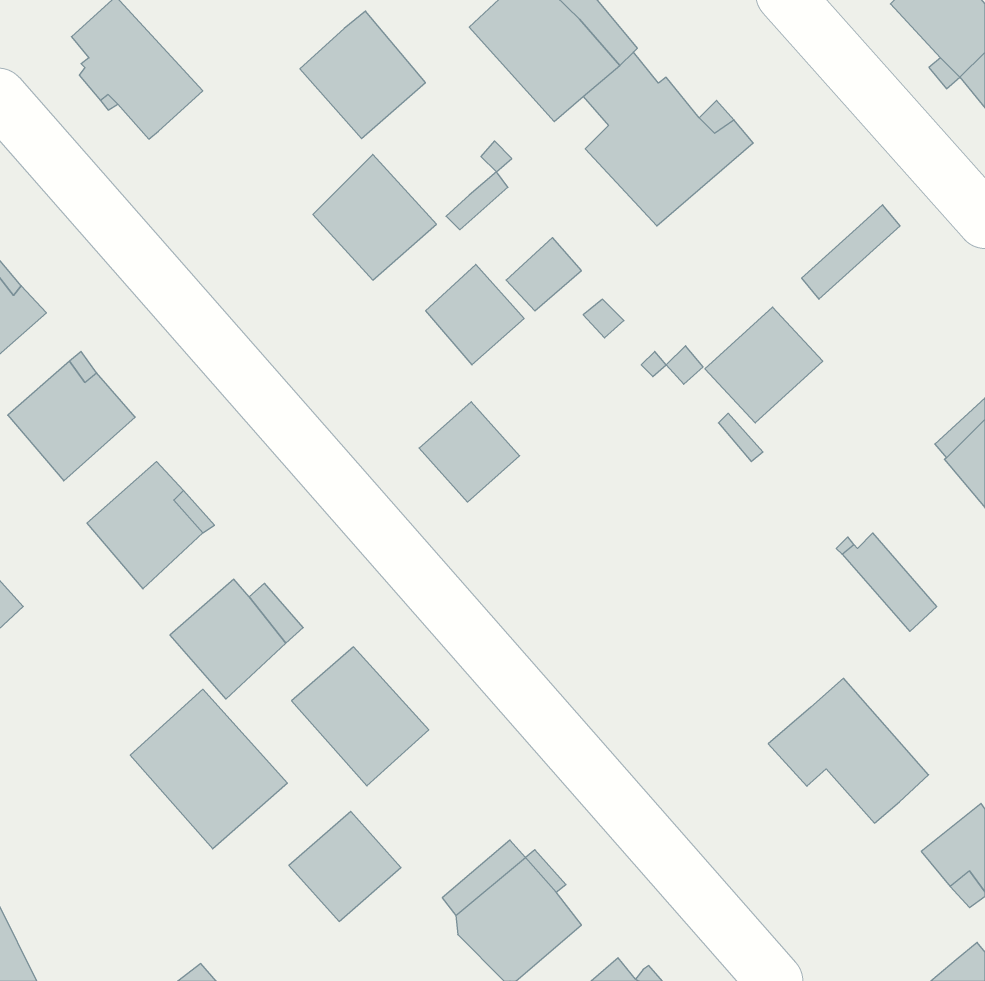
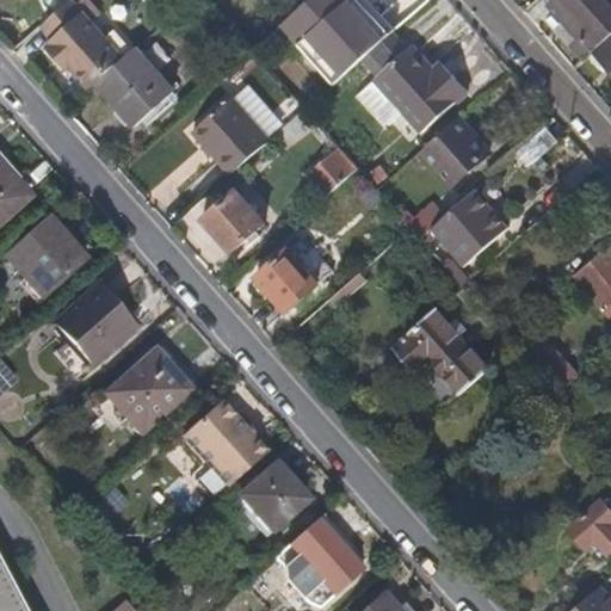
building: [300,11,425,139] -> [98,45,175,124]
building: none -> [420,121,489,186]
building: [426,264,524,365] -> [206,189,267,251]
building: [768,678,929,823] -> [393,308,492,397]
building: [130,689,287,849] -> none
building: [289,811,401,921] -> [239,463,308,531]

